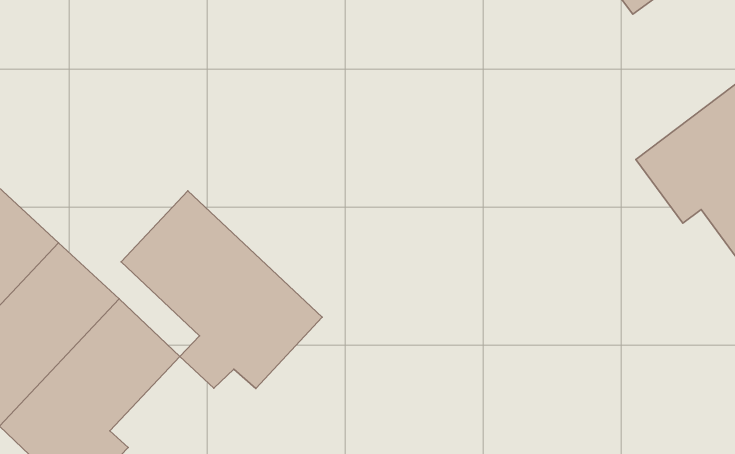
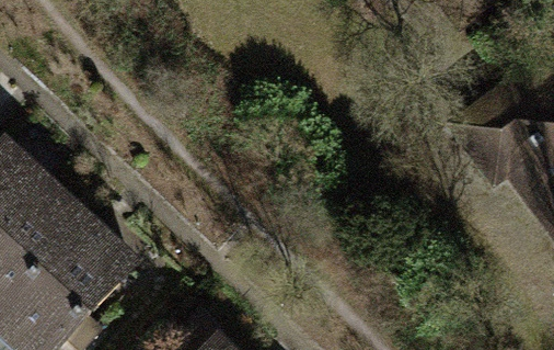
building: [121,191,322,388] -> none

